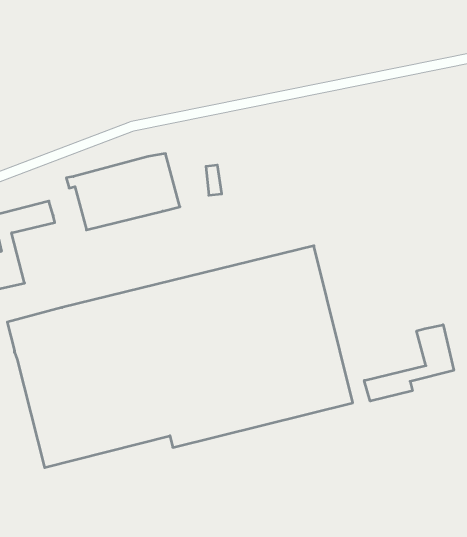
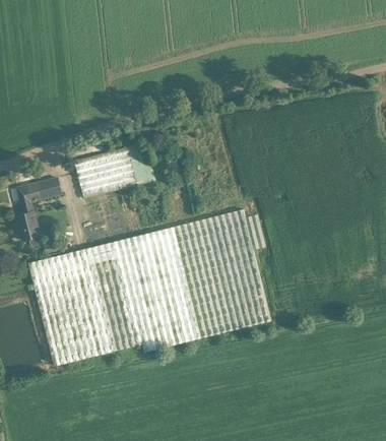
building: [364,325,454,401] -> none

